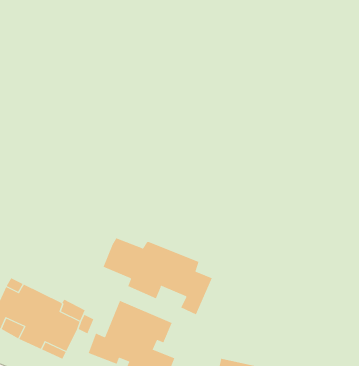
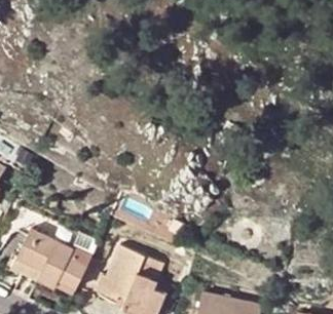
building: [103,237,213,315] -> none

